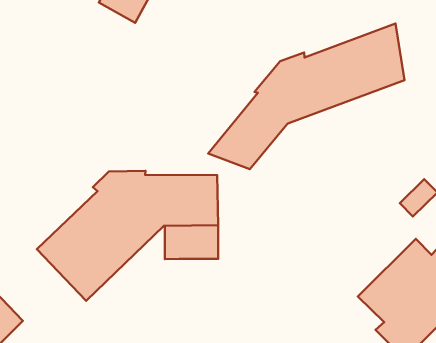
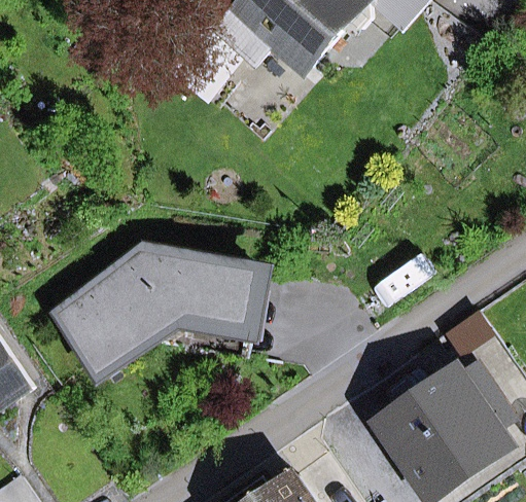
building: [208,23,405,169] -> none

